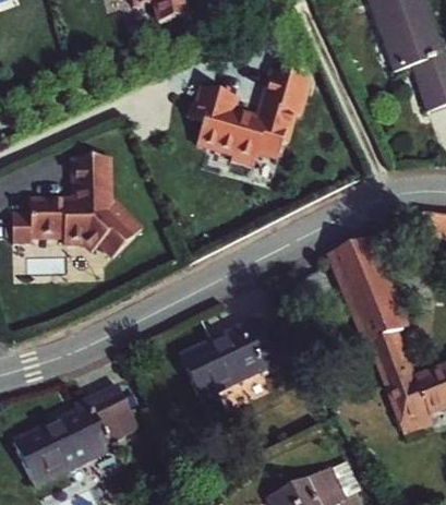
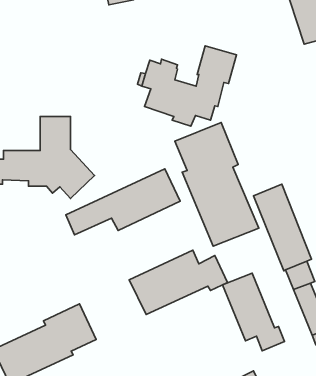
building: none -> [175,122,259,246]
building: none -> [66,169,180,235]
building: none -> [223,273,285,351]

